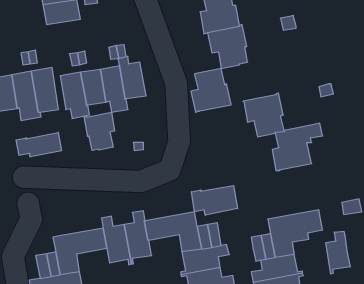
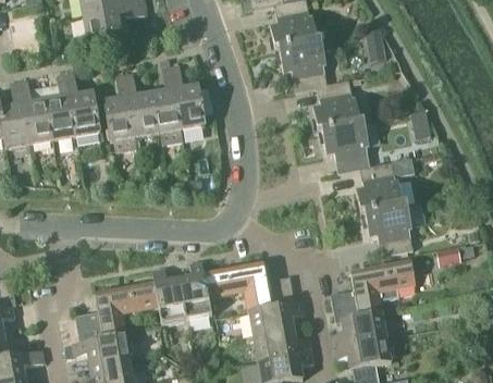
building: [191,68,231,112] -> [312,79,360,132]
building: [84,112,115,150] -> none
building: [16,132,61,157] -> none
building: none -> [365,203,412,255]
building: [191,186,238,215] -> none
building: [326,231,350,274] -> none

